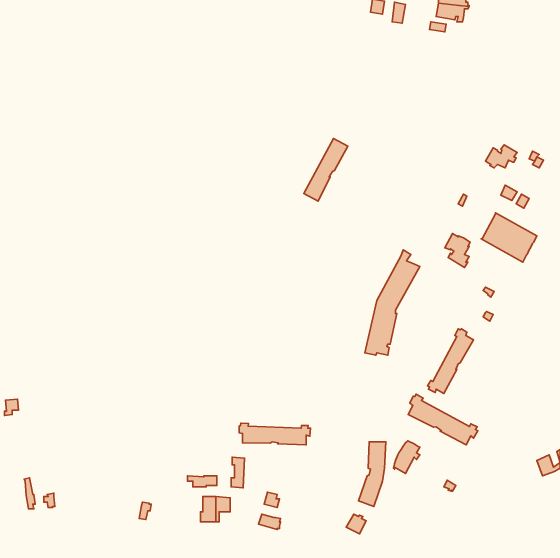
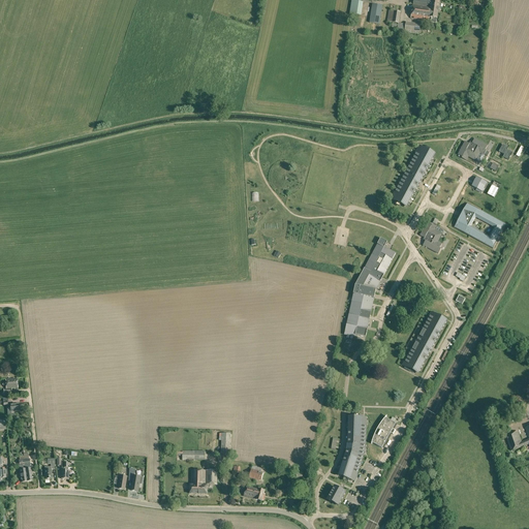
building: [304,139,348,201] -> [394,146,435,205]
building: [408,394,478,445] -> none
building: [239,423,310,445] -> none

